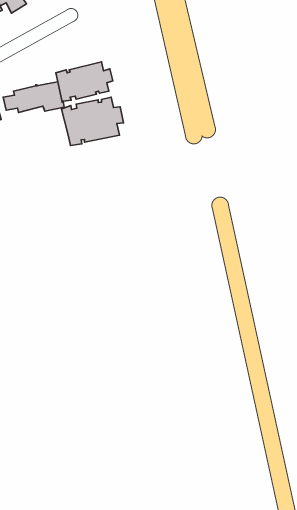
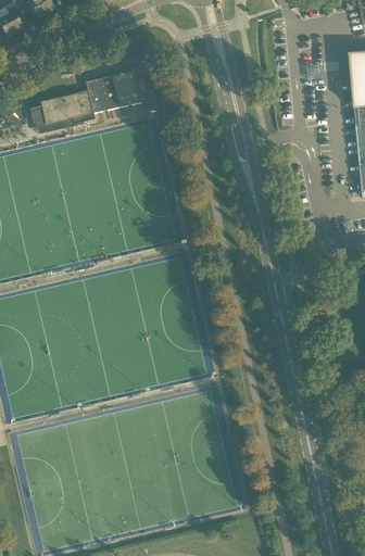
building: [61,97,124,145] -> none

